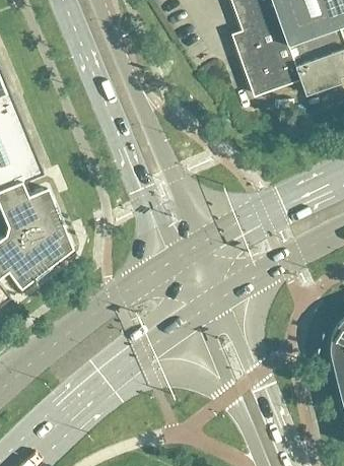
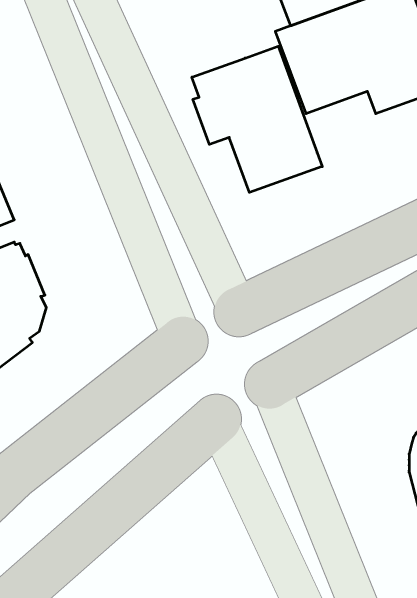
building: none -> [192,46,322,192]

